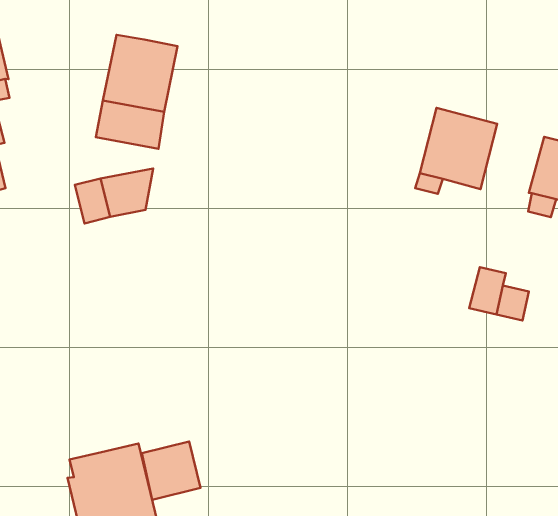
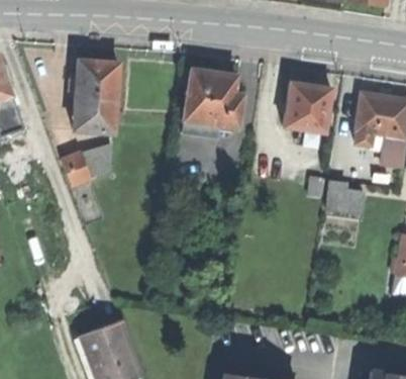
building: none -> [182,68,244,136]
building: [142,442,201,500] -> none

